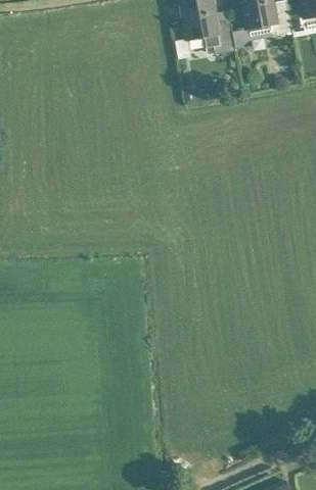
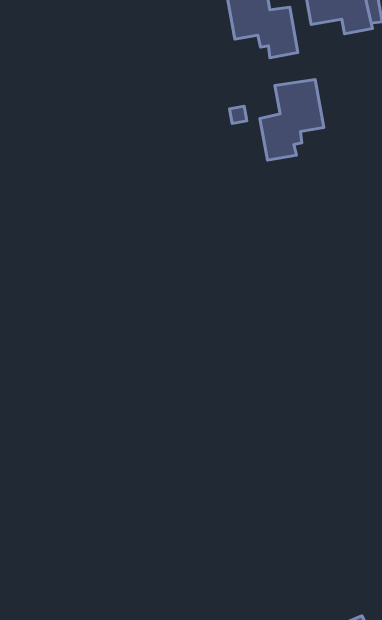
building: none -> [260,79,324,160]

